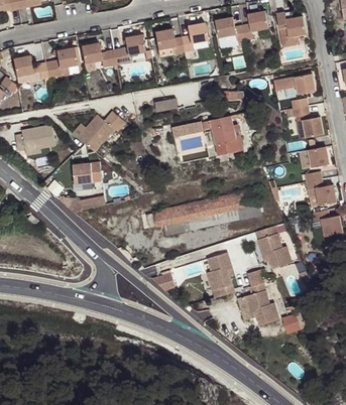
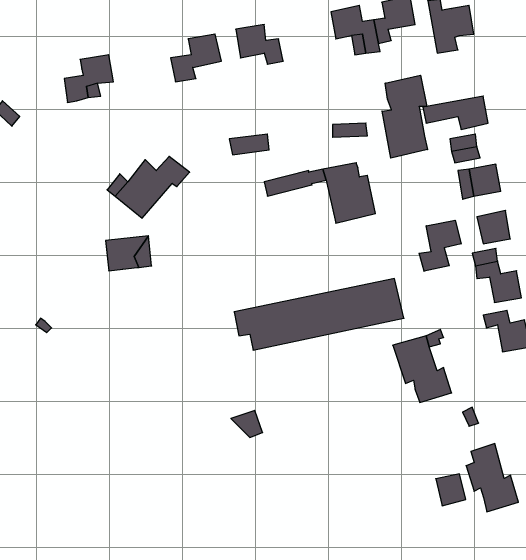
building: [182,22,208,51] -> none
building: [81,42,116,68] -> none
building: [12,55,47,84] -> none
building: none -> [382,75,428,158]
building: [14,125,55,151] -> none
building: none -> [419,220,461,271]
building: [206,252,235,297] -> none
building: [245,282,278,325] -> [466,444,518,512]

